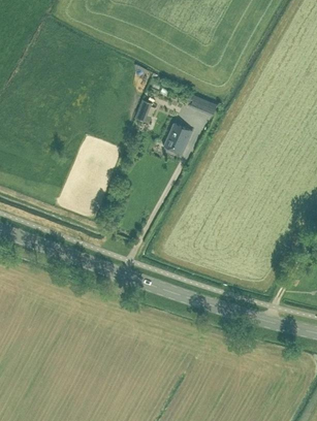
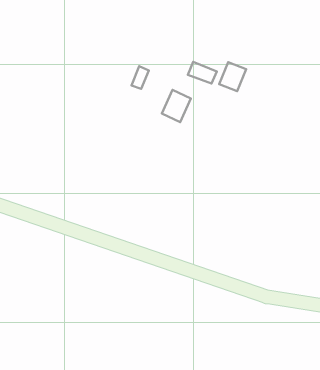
building: none -> [219,62,246,91]

